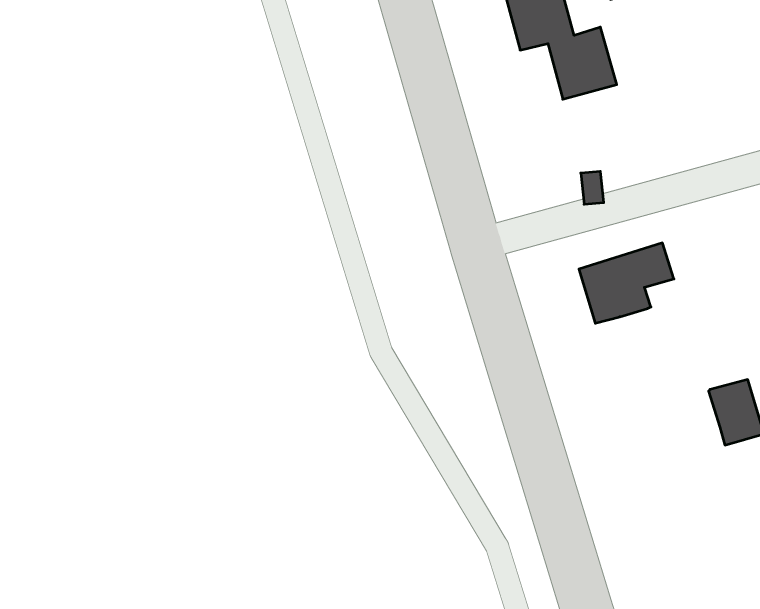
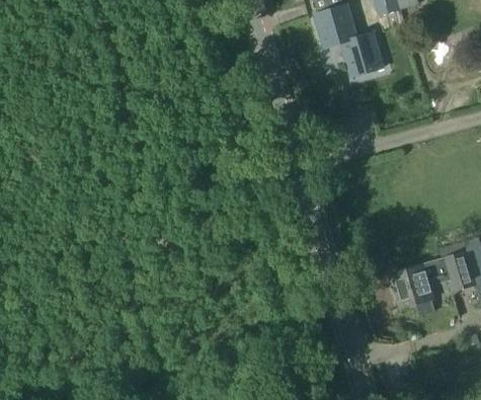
building: [579,243,674,323] -> [389,257,448,307]

